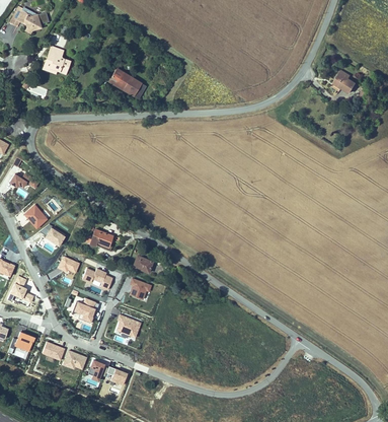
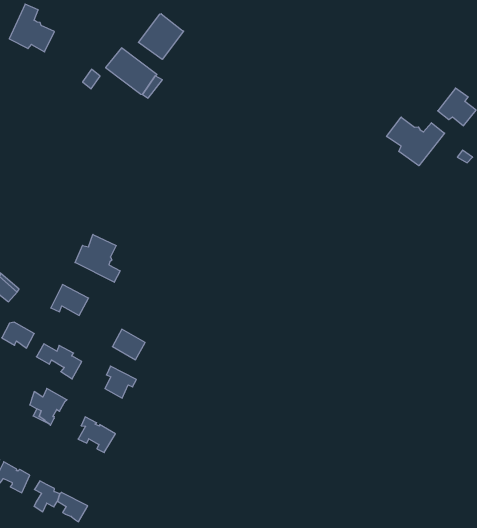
building: none -> [138,14,184,59]
building: none -> [387,117,445,166]
building: none -> [75,234,120,282]

